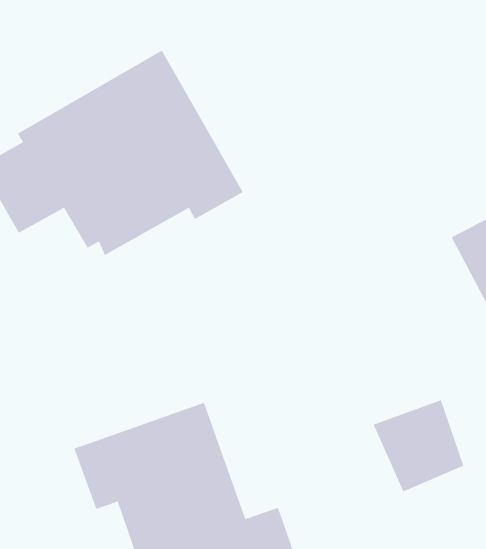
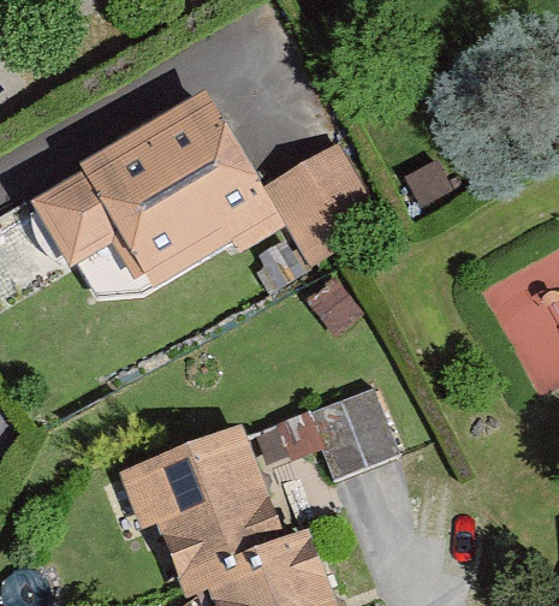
building: none -> [262,141,381,261]
building: [373,400,464,492] -> [308,384,396,473]

